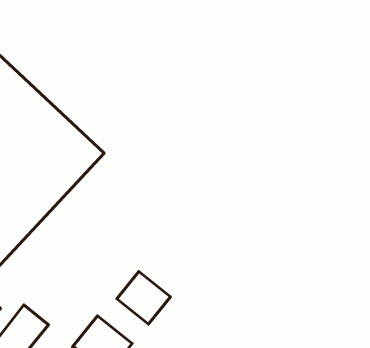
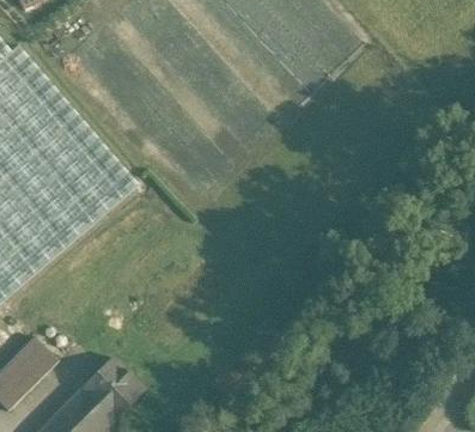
building: [117,272,170,324] -> none

